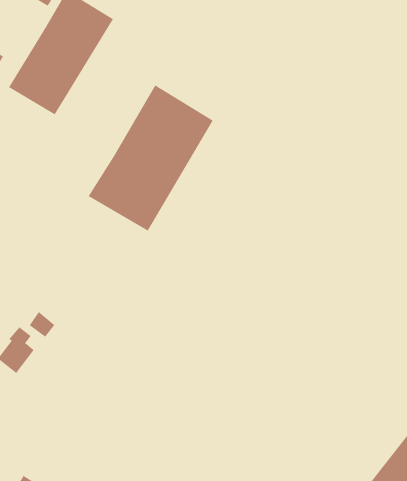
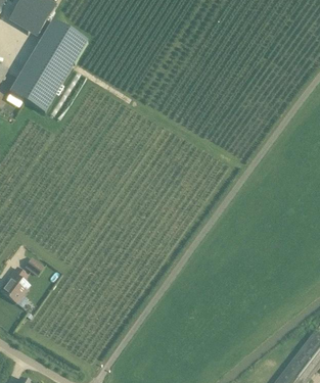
building: [88,84,214,232] -> none

